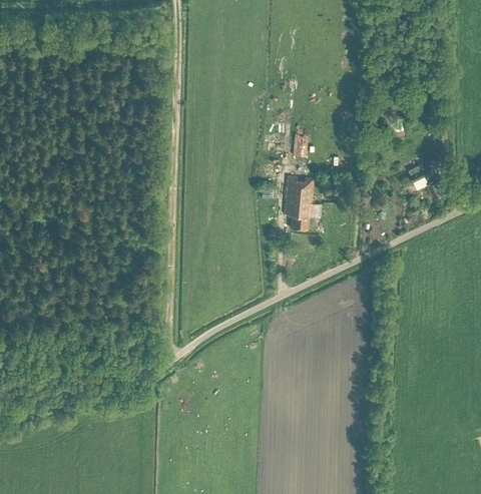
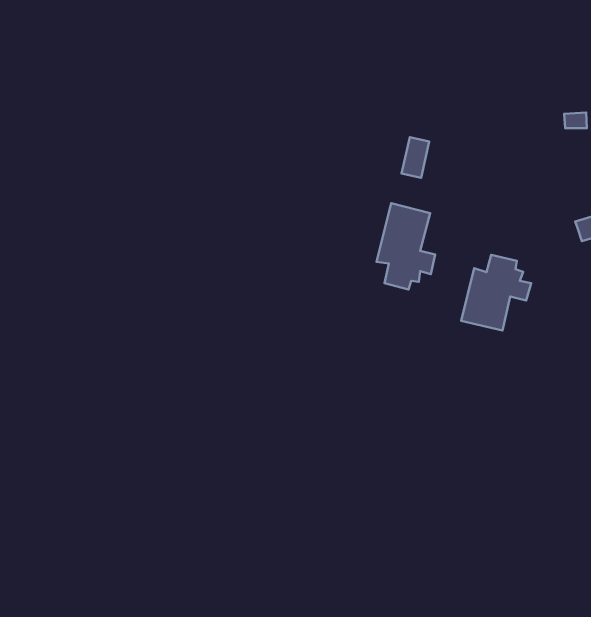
building: none -> [461,255,531,331]

